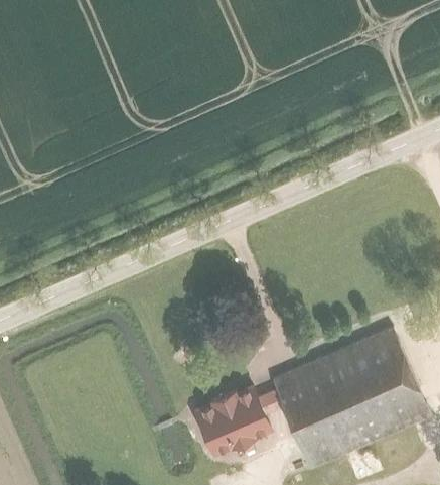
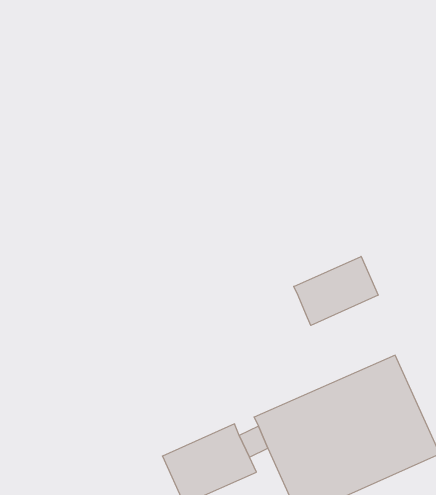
building: none -> [294,256,378,325]

